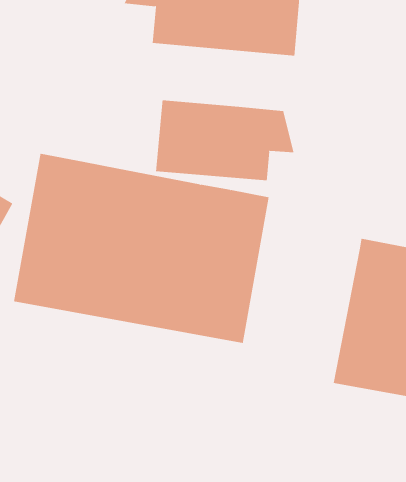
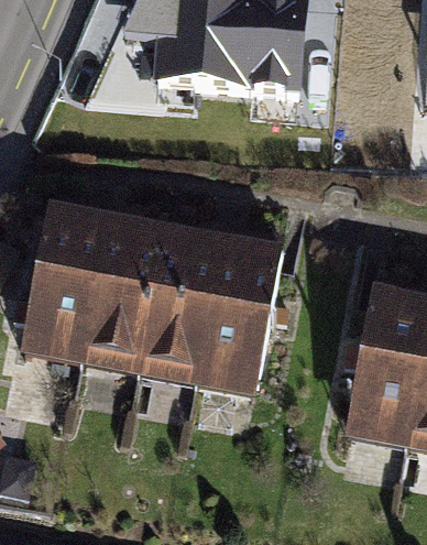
building: [156,100,294,181] -> none

